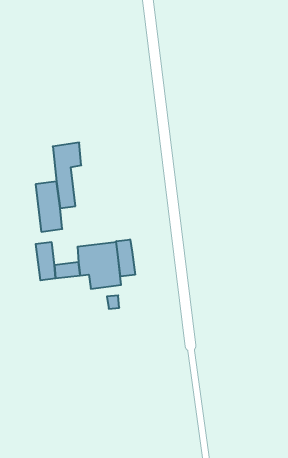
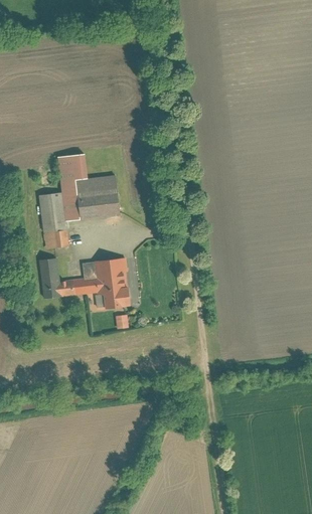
building: none -> [76,173,120,219]
building: [116,239,135,277] -> none

